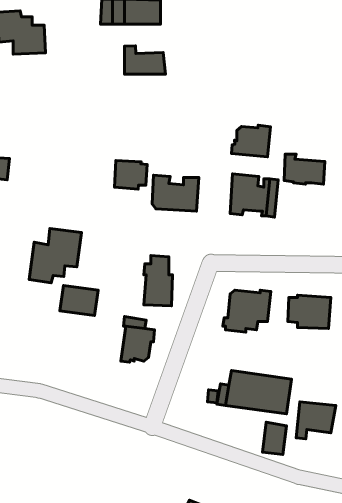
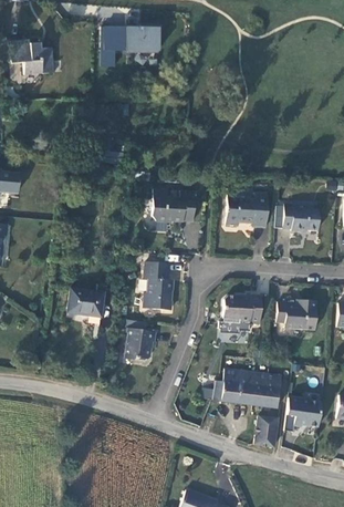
building: [124,46,166,74] -> none
building: [231,125,271,157] -> none
building: [284,154,325,184] -> [284,204,322,231]
building: [114,160,147,189] -> none
building: [29,228,82,283] -> none

